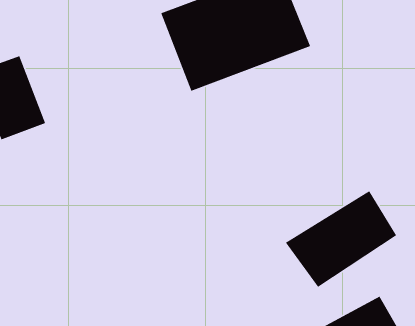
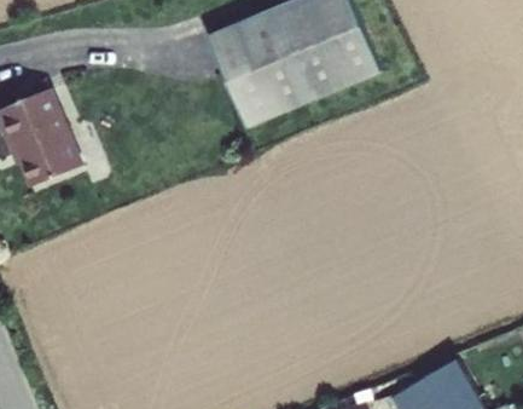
building: [285,190,397,288] -> none

